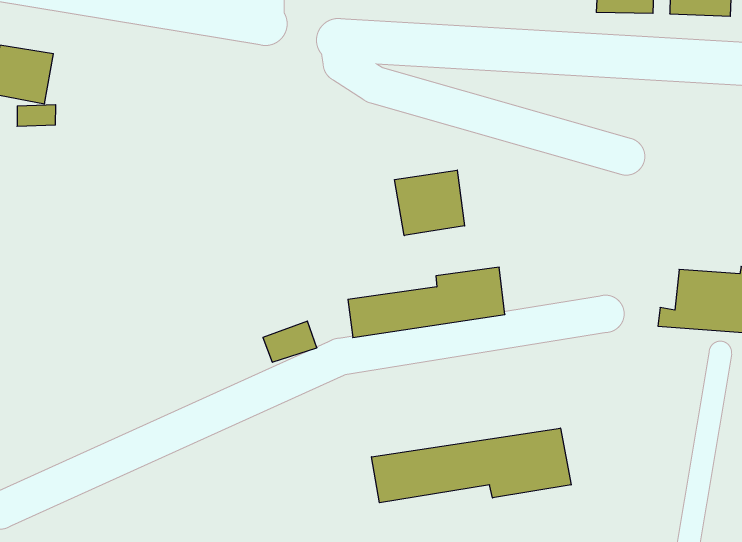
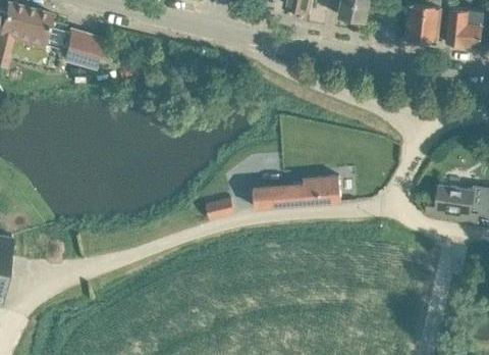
building: [395,170,465,236] -> none
building: [372,428,571,503] -> none

